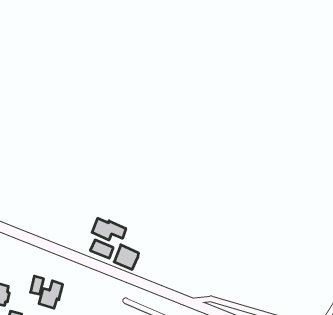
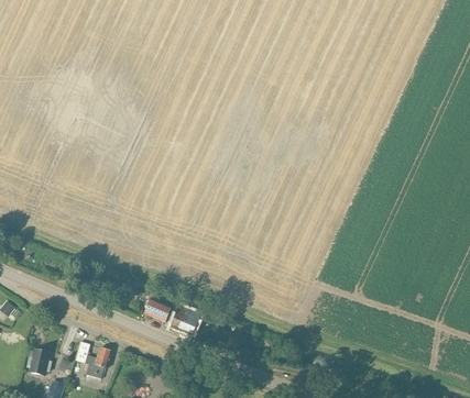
building: [92,218,126,240] -> none

